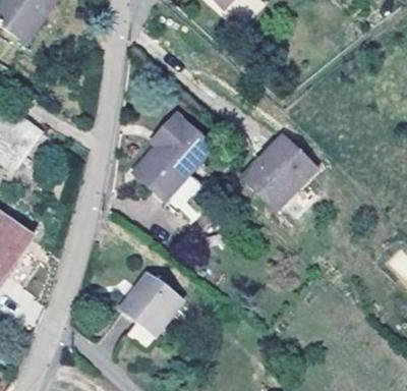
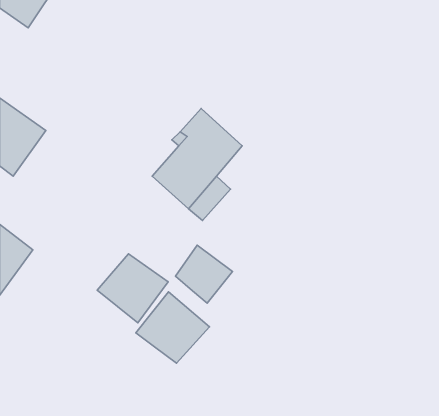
building: [244,135,316,208] -> none
building: none -> [175,245,232,303]
building: none -> [97,254,168,323]

